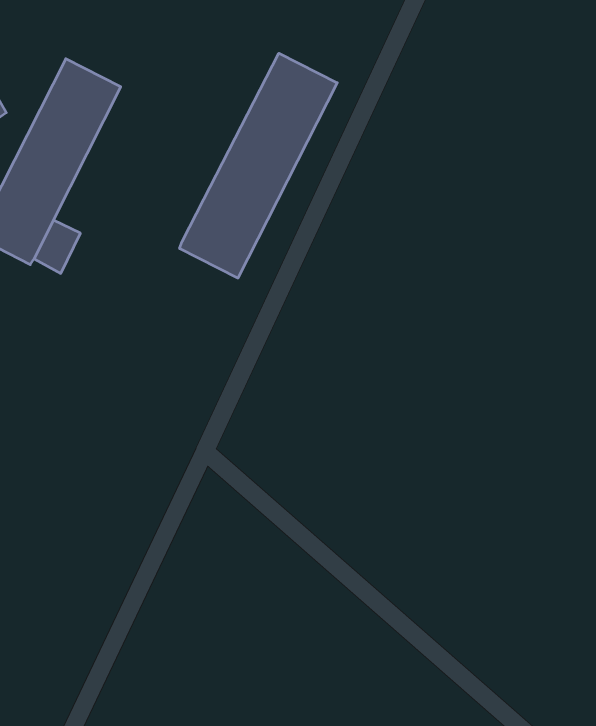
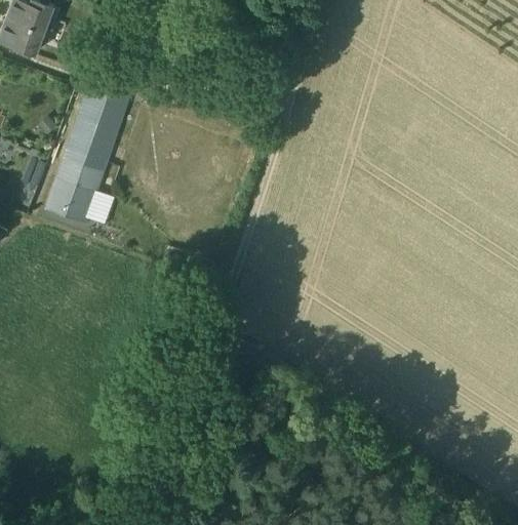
building: [180,53,337,278] -> none

